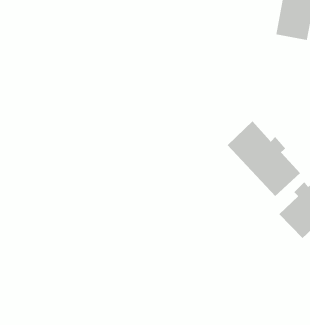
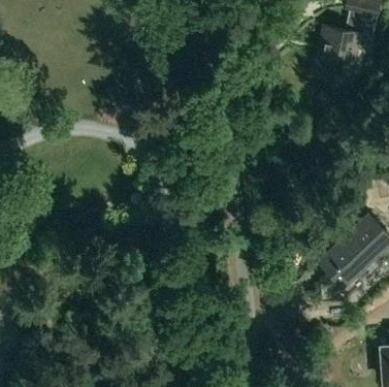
building: [227,120,301,197] -> none

